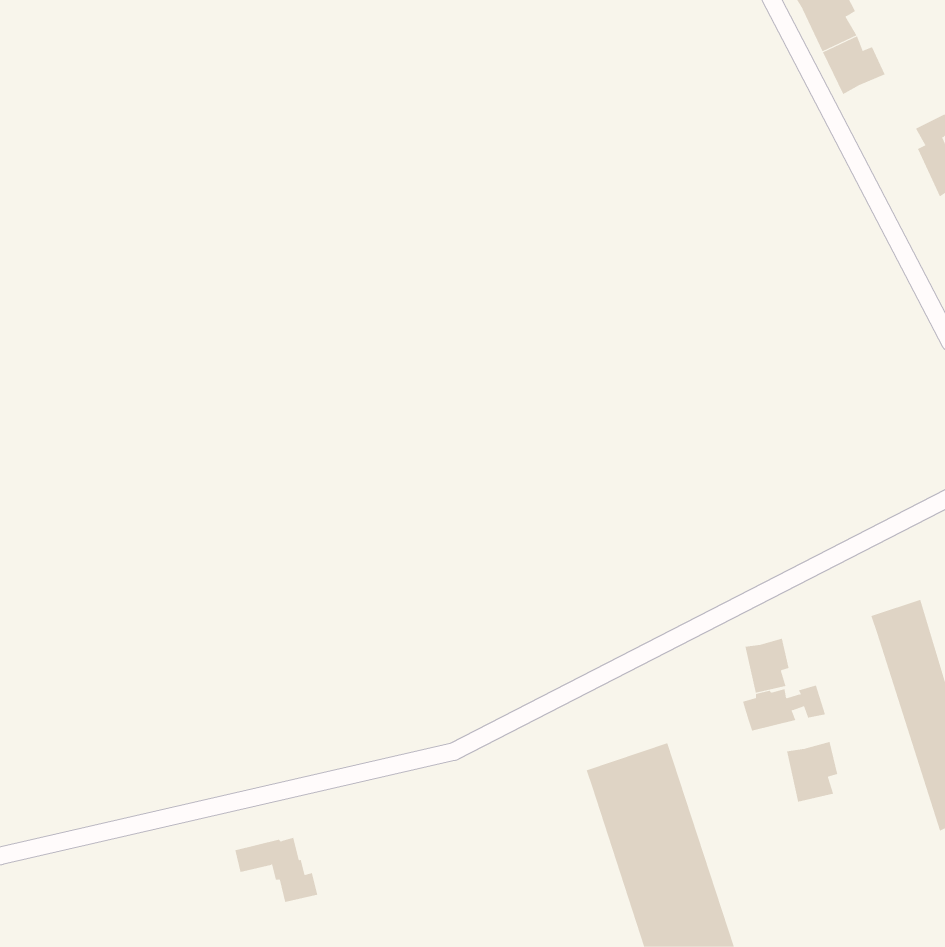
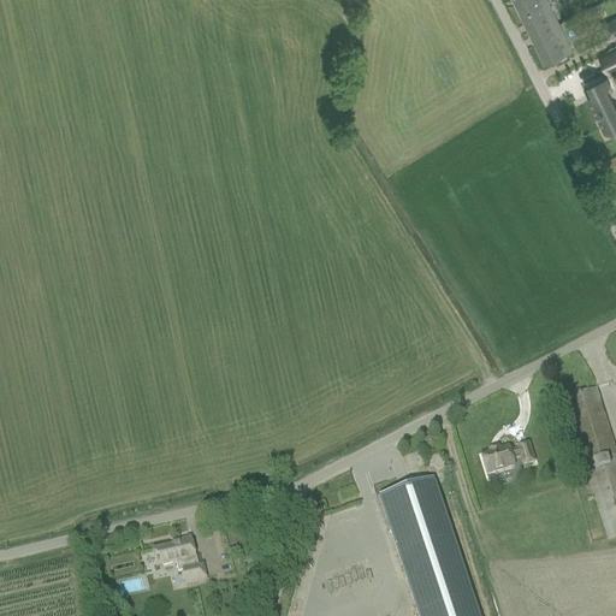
building: [745,638,789,694] -> none
building: [786,741,838,802] -> none

